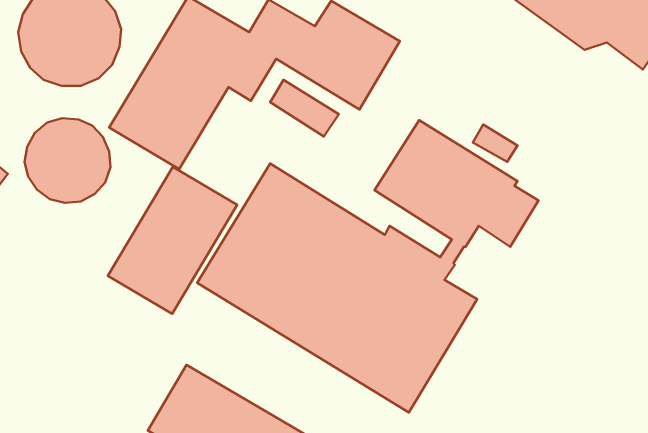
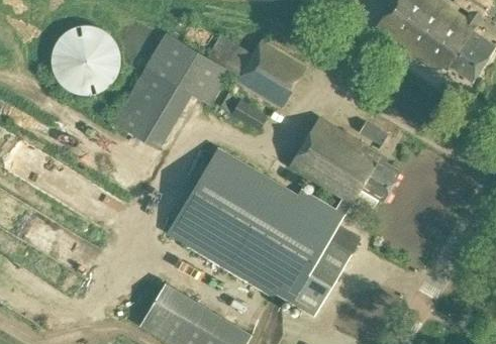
building: [25,118,111,203] -> none
building: [108,167,237,314] -> none

